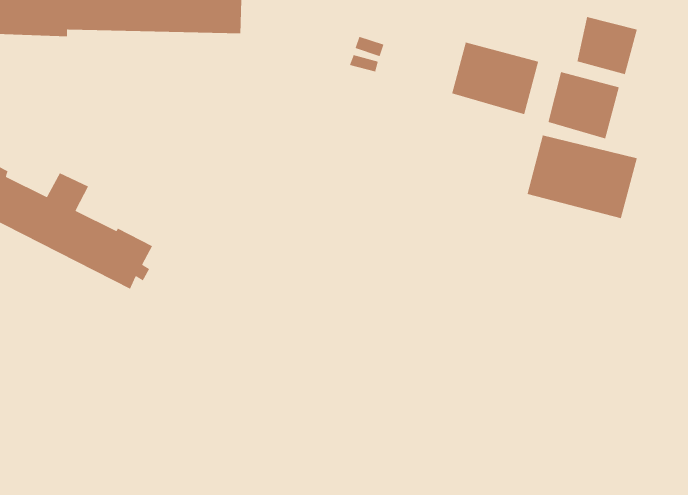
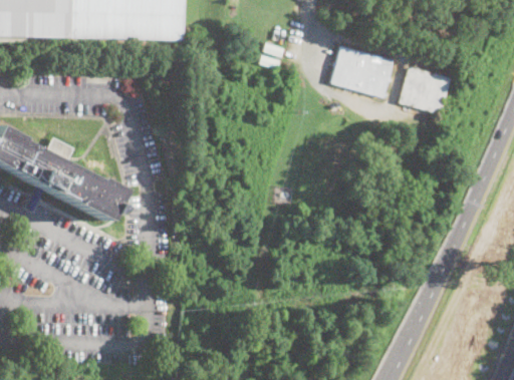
building: [576,16,638,75] -> none
building: [526,134,638,219] -> none

